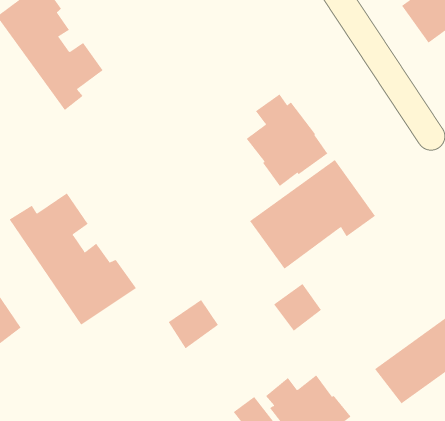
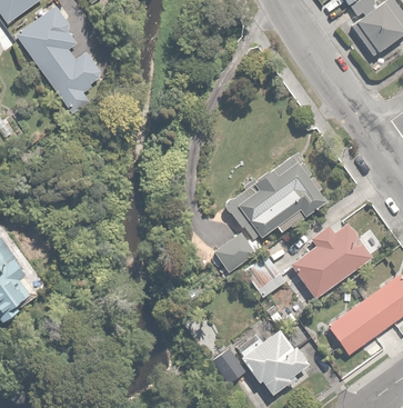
building: [246,93,328,187] -> none
building: [9,193,137,326] -> none
building: none -> [291,223,372,298]
building: [168,299,219,349] -> [214,232,256,273]

